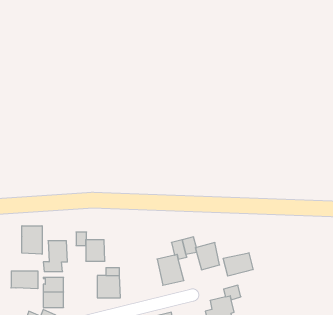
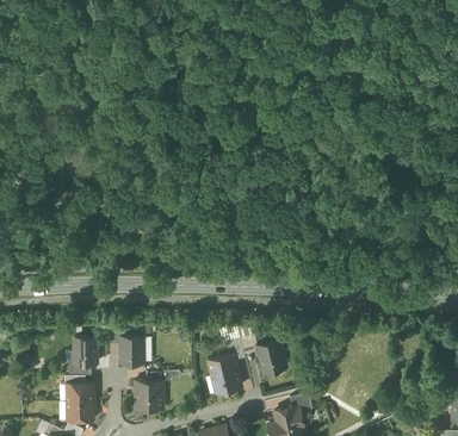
building: [22,226,42,254] -> none
building: [223,253,253,276] -> none
building: [11,271,38,289] -> none

